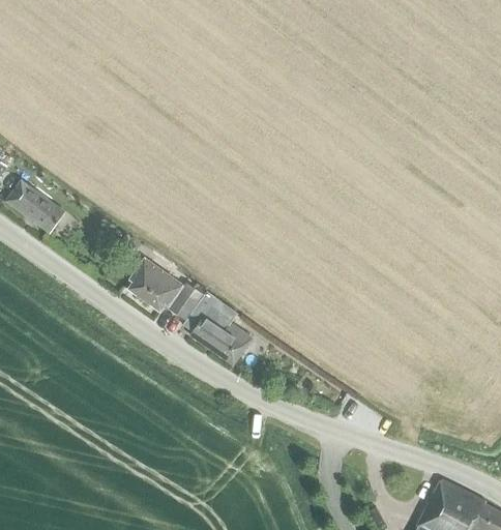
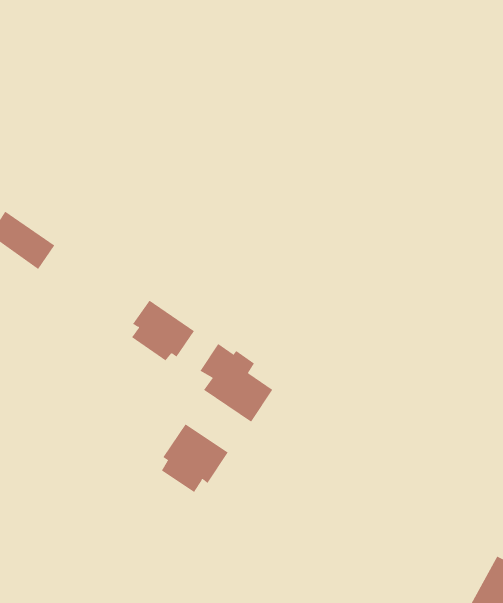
building: [171,285,204,320] -> none
building: none -> [161,423,228,493]

